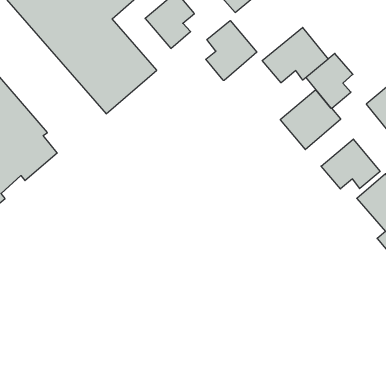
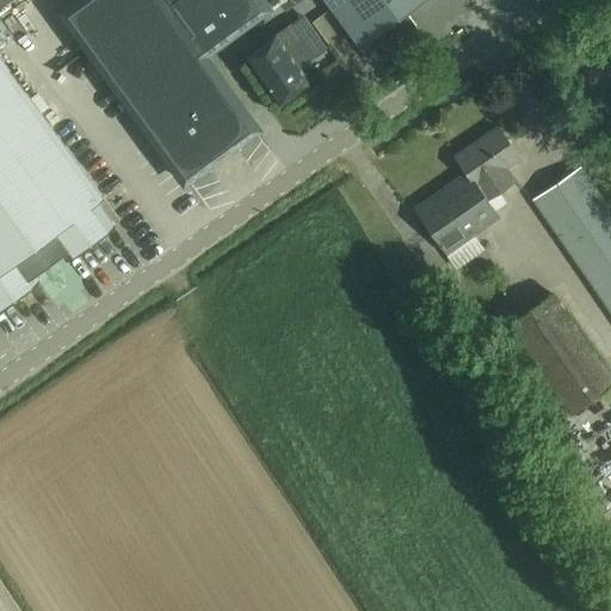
building: [206,21,257,80] -> none
building: [262,27,328,83] -> none
building: [321,139,380,189] -> none

